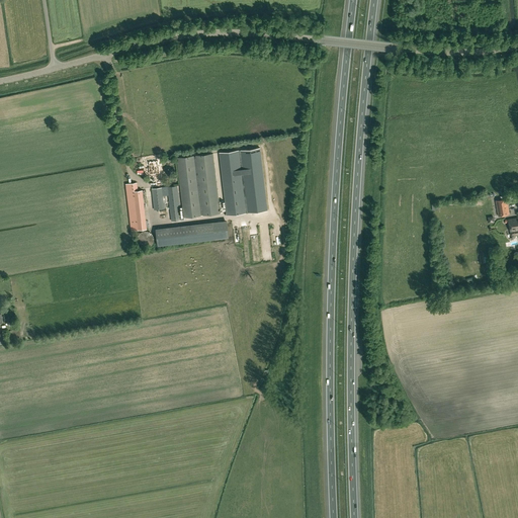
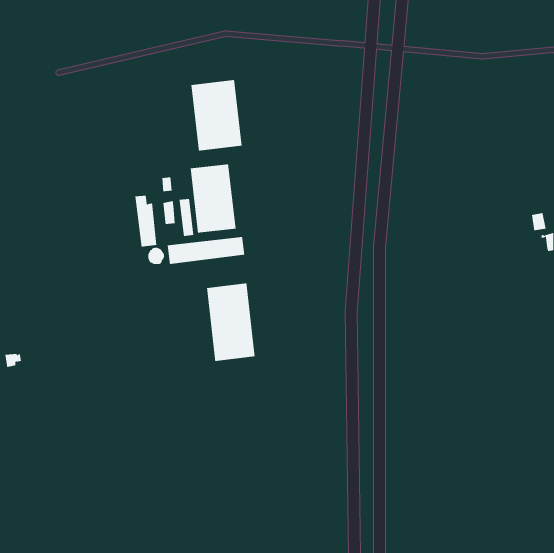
building: [220,149,268,215] -> [190,80,242,151]
building: none -> [206,282,255,362]

